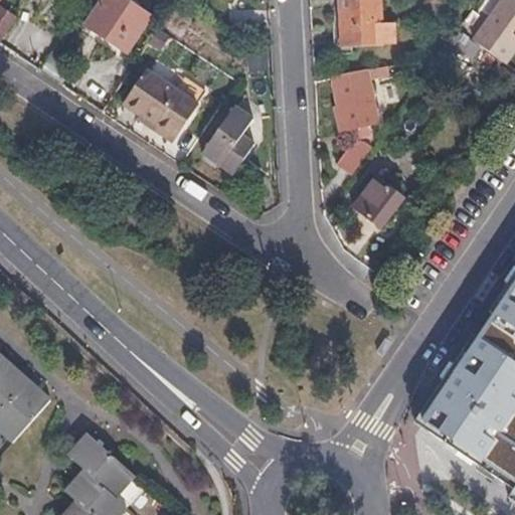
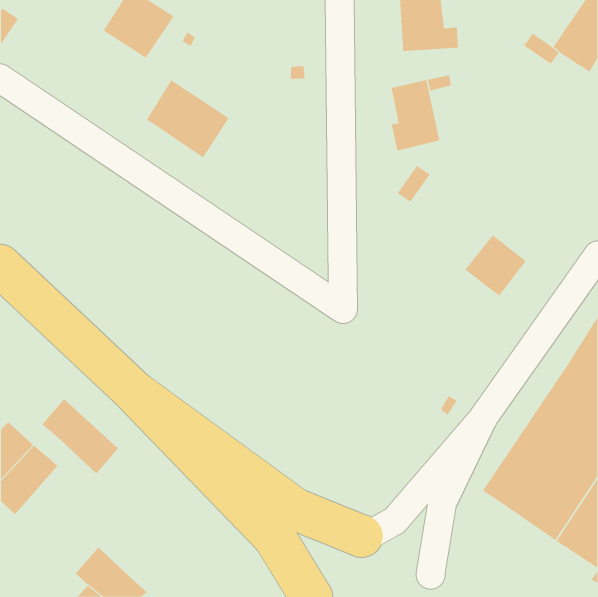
building: [202,105,256,174] -> none
building: [352,174,405,227] -> [464,234,526,296]
building: [68,434,135,499] -> [42,398,119,474]

